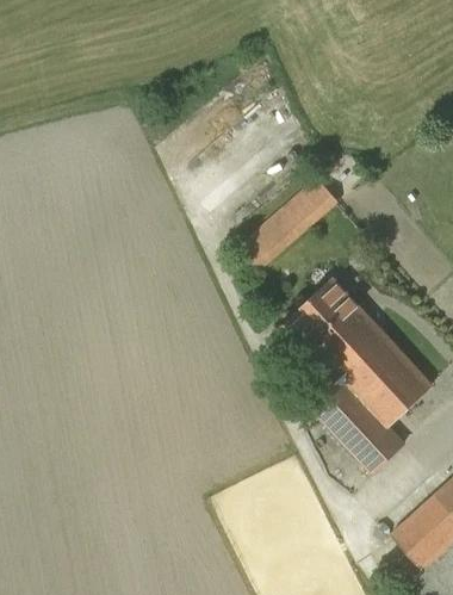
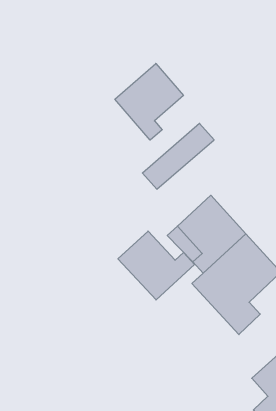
building: none -> [115,63,183,140]
building: none -> [118,231,195,300]

